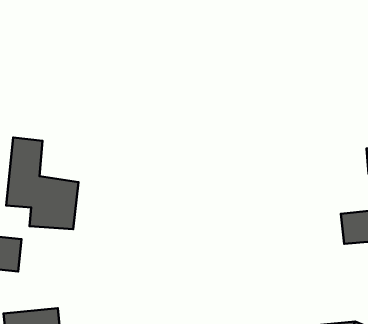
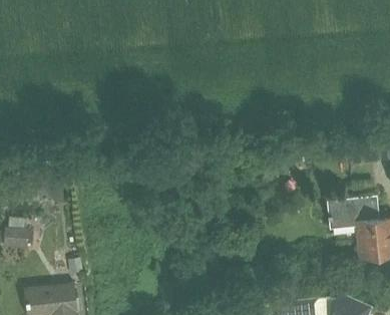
building: [6,138,79,229] -> none

